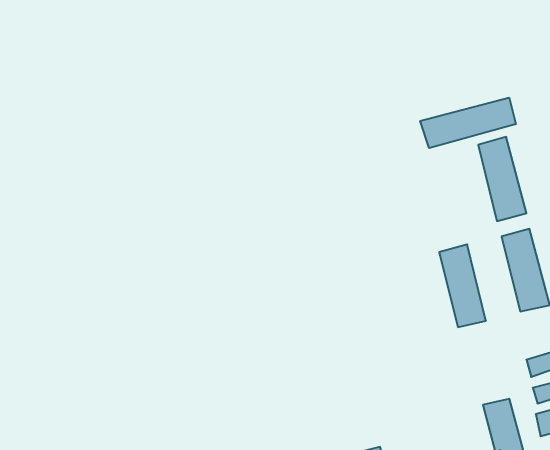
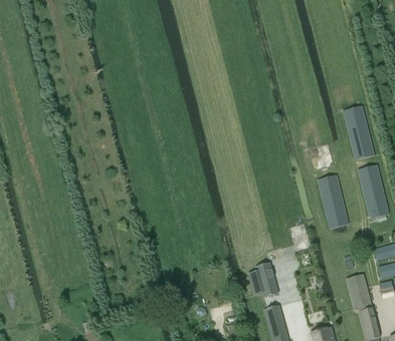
building: [420,98,516,148] -> none
building: none -> [248,263,278,297]

